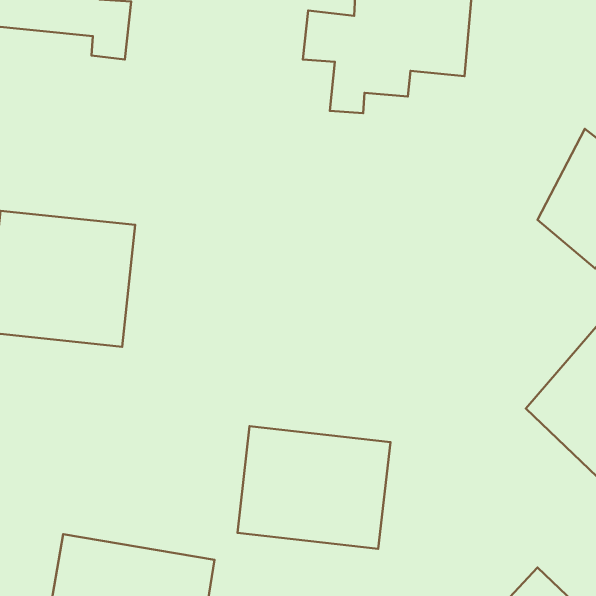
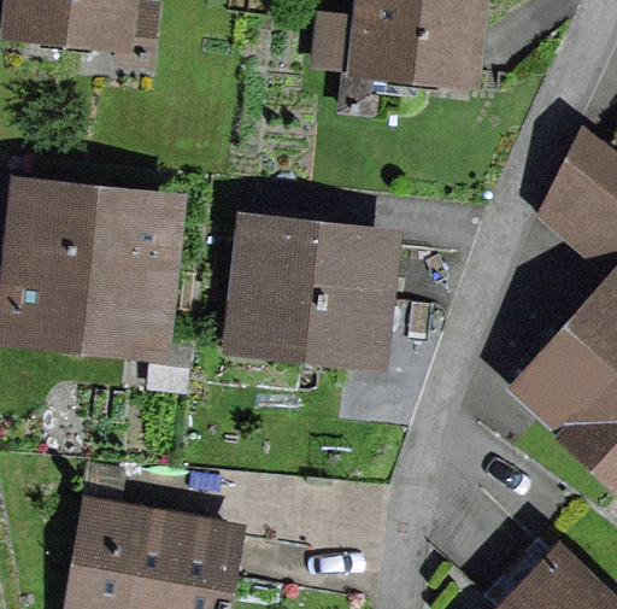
building: none -> [243,228,381,351]
building: [237,426,390,549] -> none

